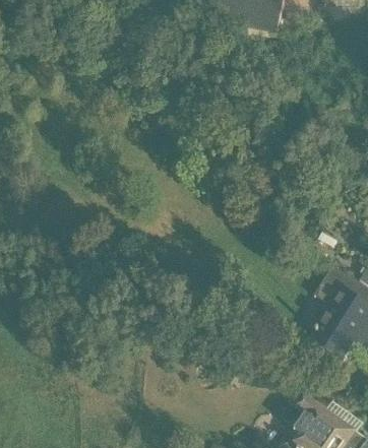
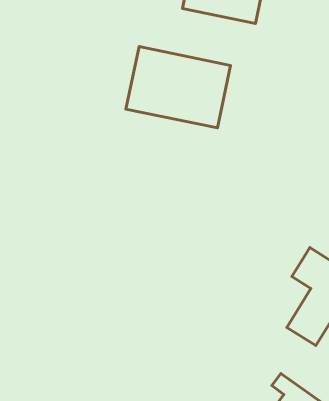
building: none -> [126,47,231,128]

